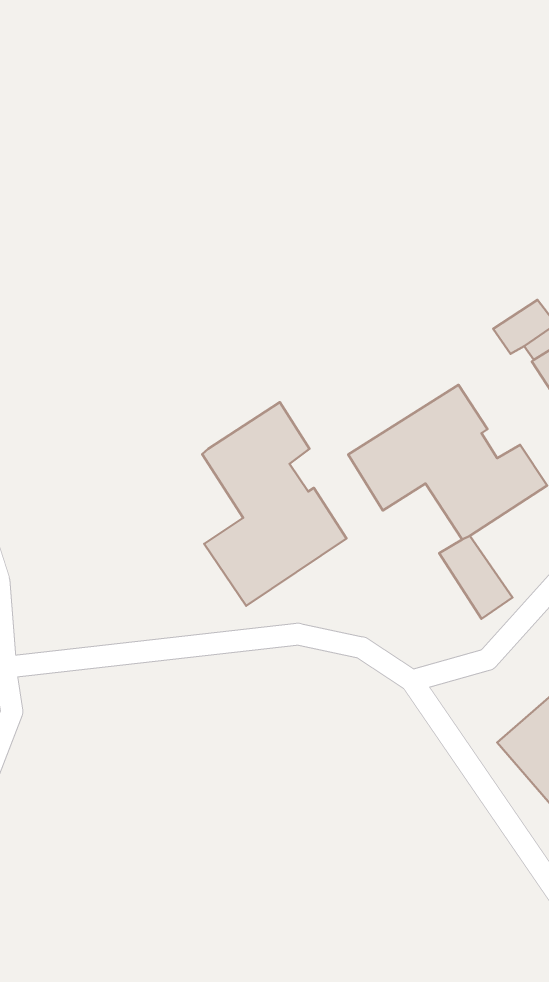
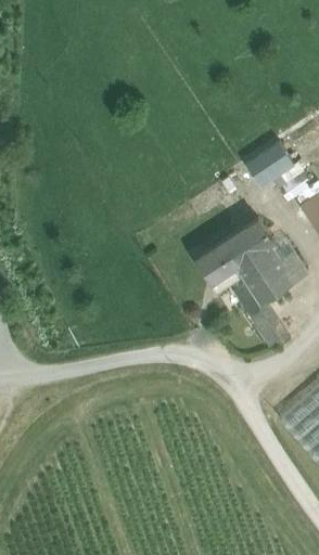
building: none -> [246,142,295,186]
building: [202,402,346,606] -> none

